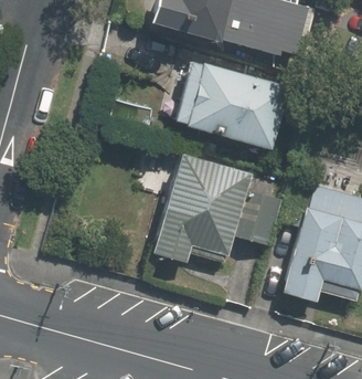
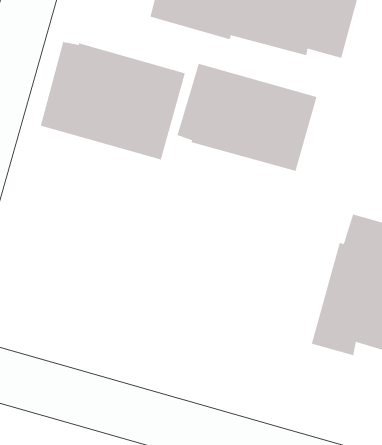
building: none -> [40,41,186,160]
building: [150,154,283,263] -> none

